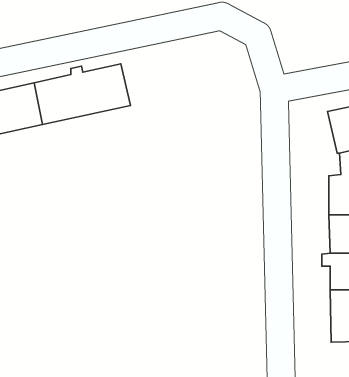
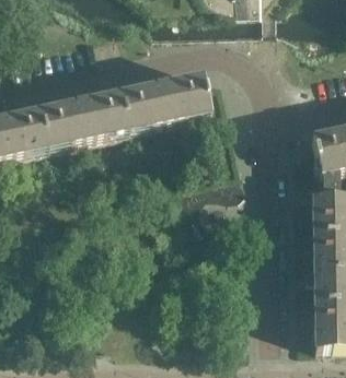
building: none -> [122,72,211,128]

